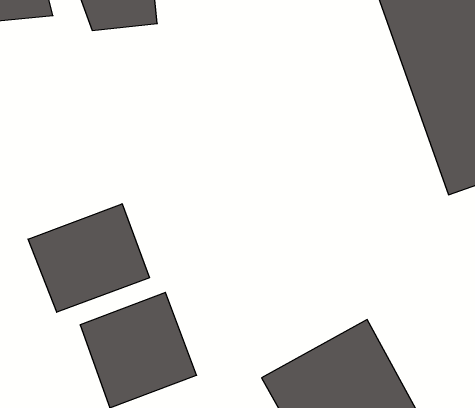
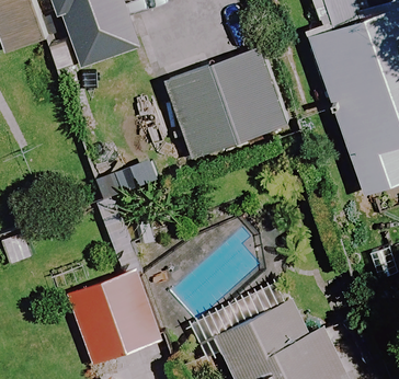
building: none -> [166,49,284,156]
building: [28,204,150,312] -> none

